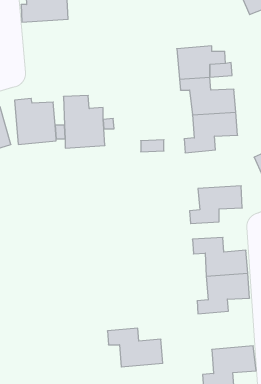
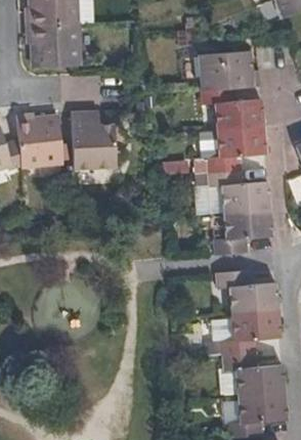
building: none -> [27,26,80,68]
building: none -> [208,171,270,214]
building: [107,328,163,367] -> [222,350,284,393]

